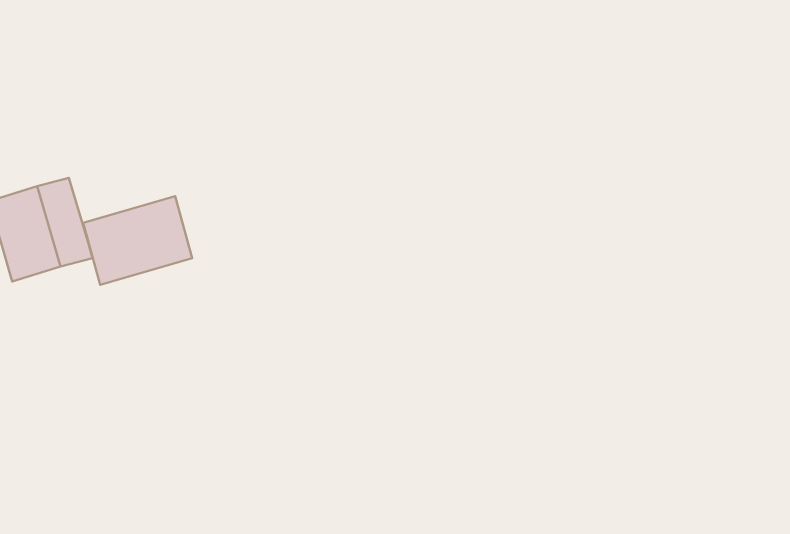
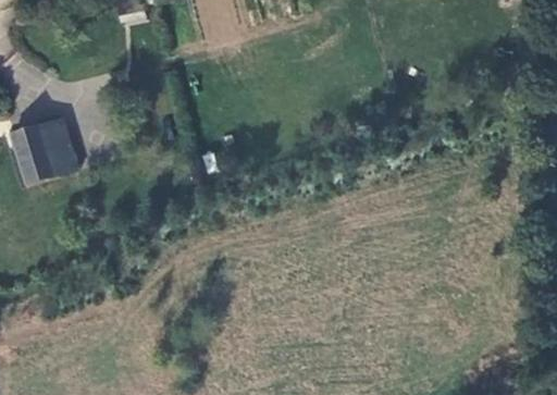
building: [83,196,192,285] -> none

